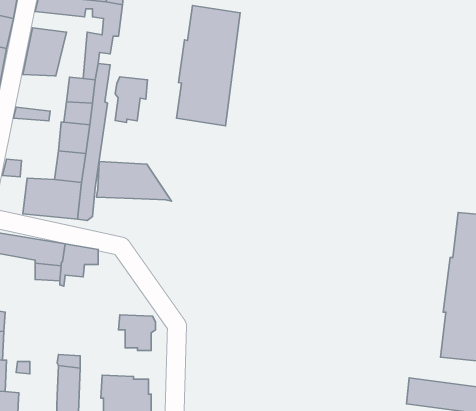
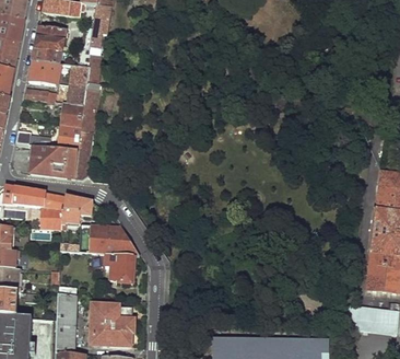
building: [176,6,240,126] -> none
building: none -> [28,62,57,84]
building: [115,77,147,123] -> none
building: [96,162,171,201] -> [80,225,140,257]

